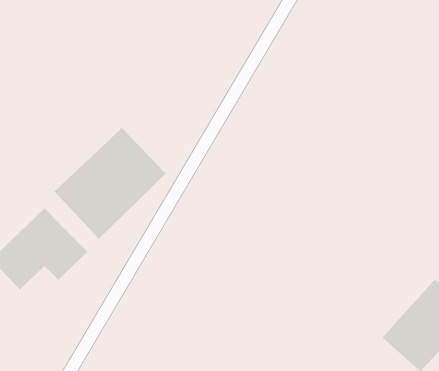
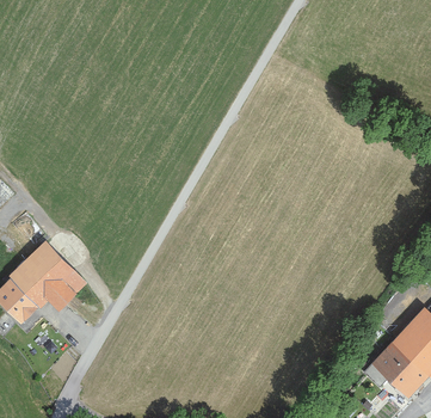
building: [54,127,167,240] -> none

